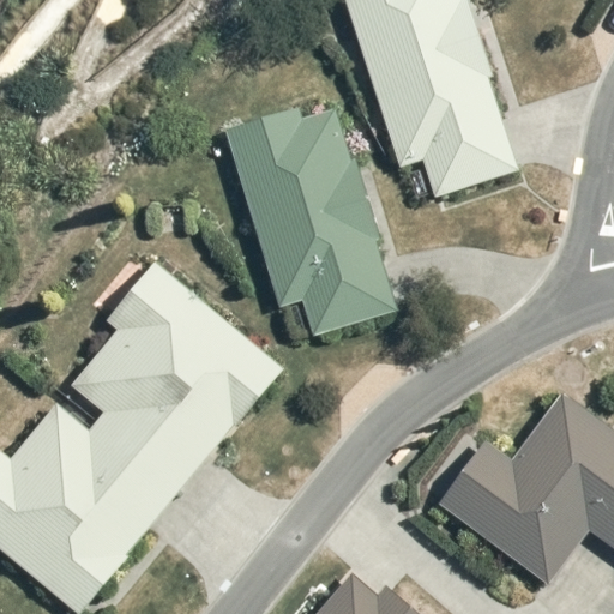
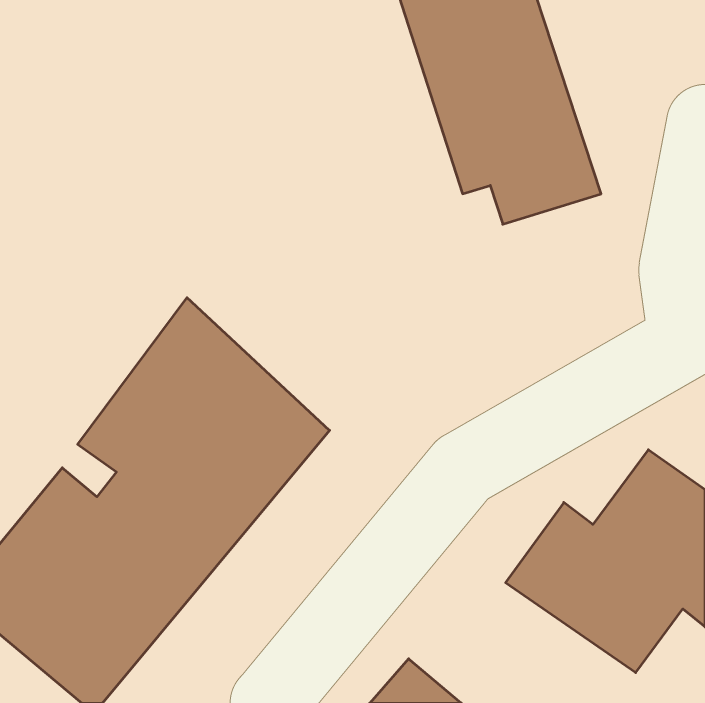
building: [225,106,393,333] -> none

